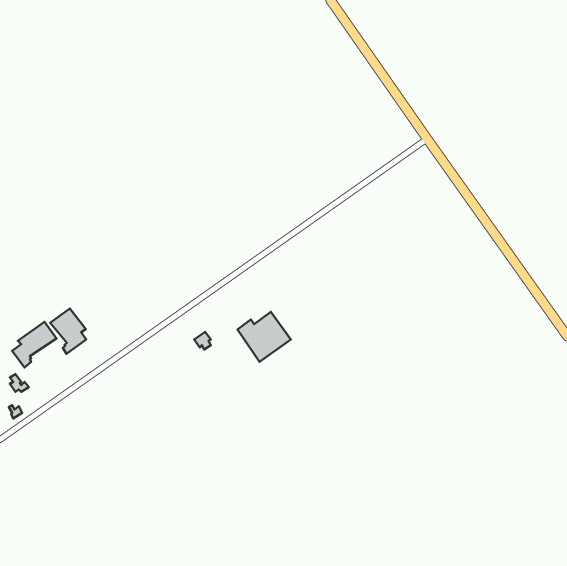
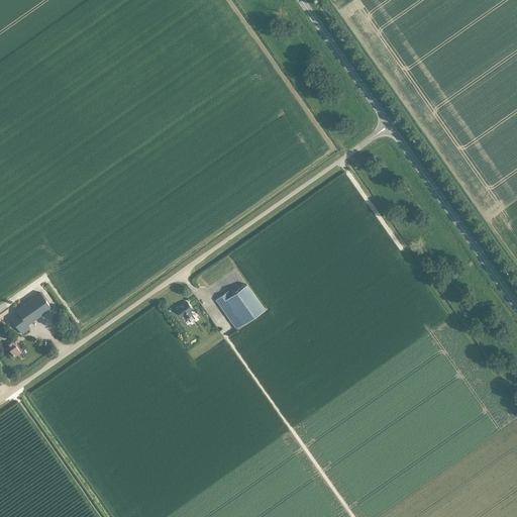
building: [50,309,86,354] -> none

